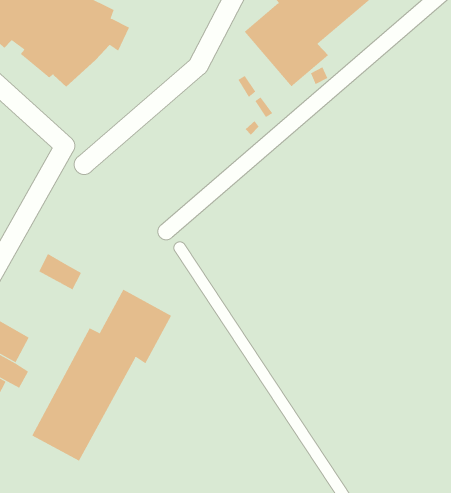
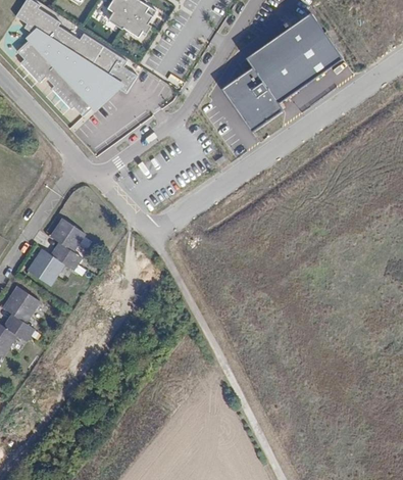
building: none -> [51,217,86,250]
building: none -> [28,248,65,285]
building: [32,289,172,462] -> none

